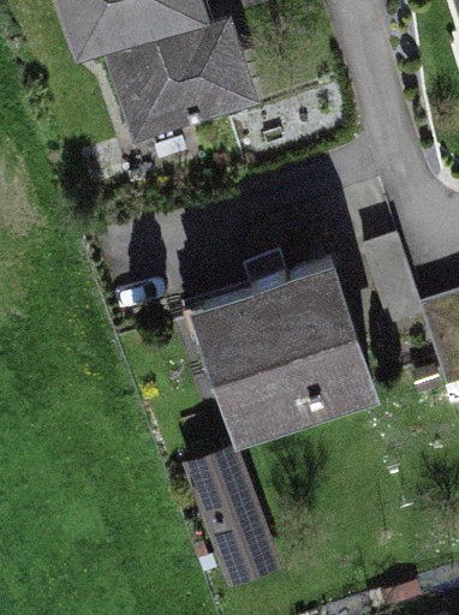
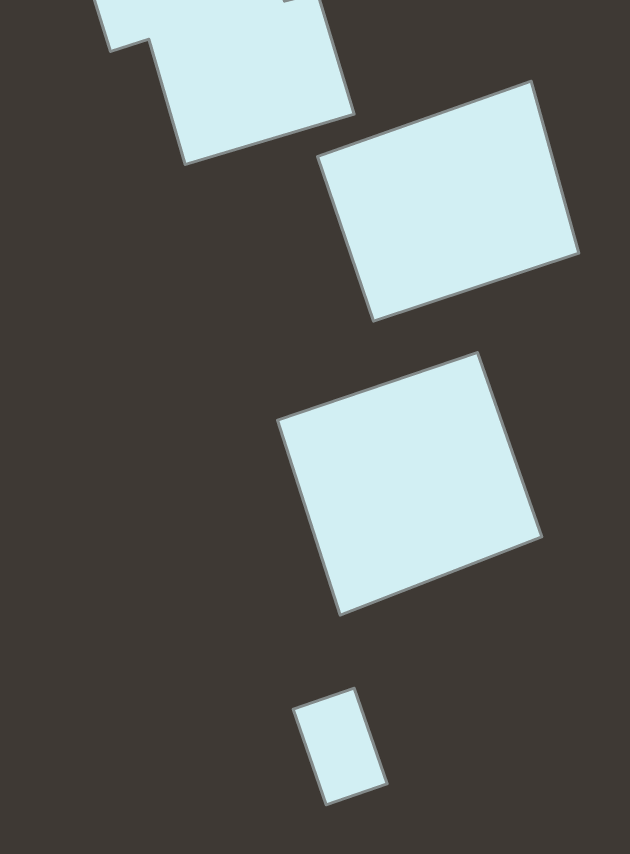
building: none -> [318,81,579,321]

